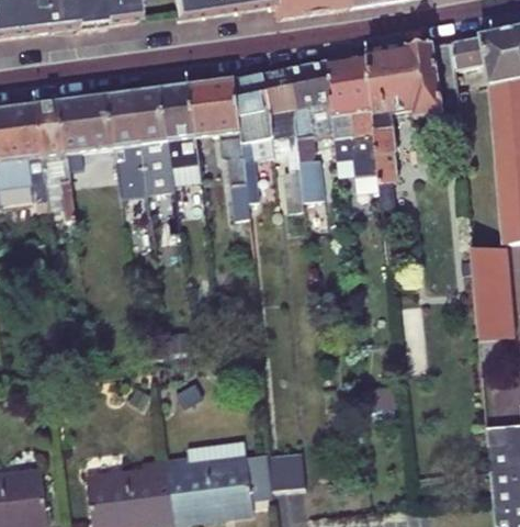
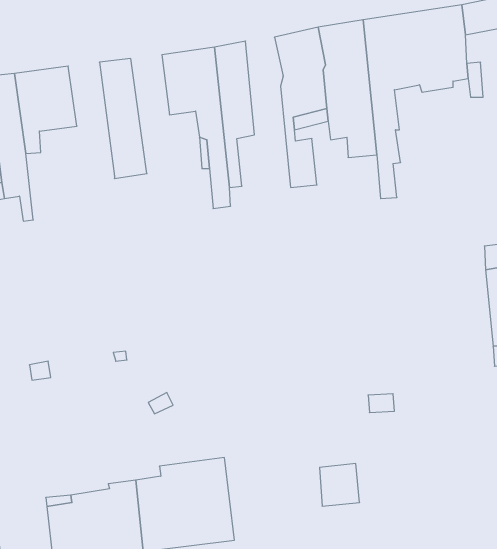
building: [262,69,303,211] -> none
building: [161,85,199,166] -> none
building: [106,91,147,194] -> none
building: [270,451,305,489] -> [320,464,360,506]

